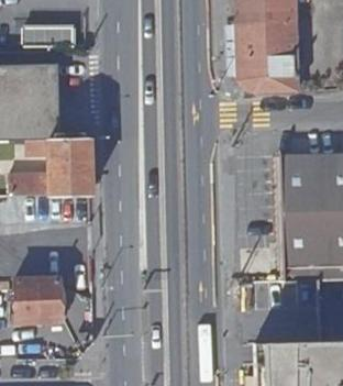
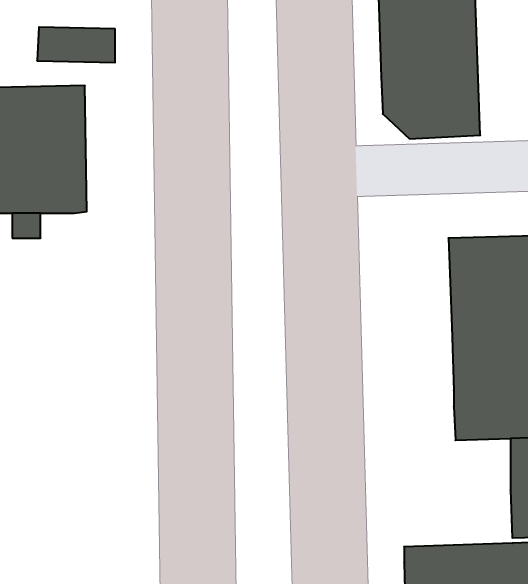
building: [10,137,88,195] -> none
building: [14,265,59,318] -> none

